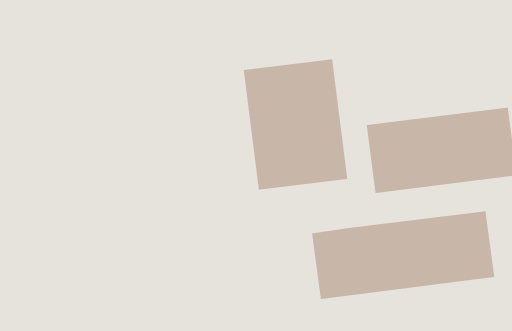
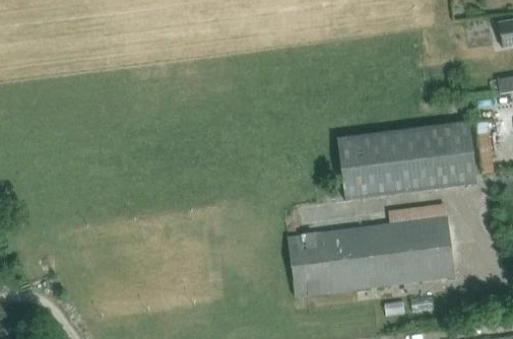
building: [243,58,348,191] -> none

